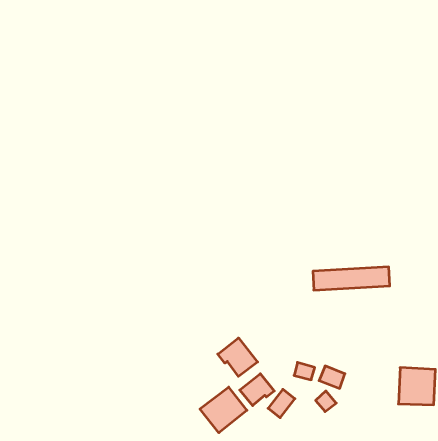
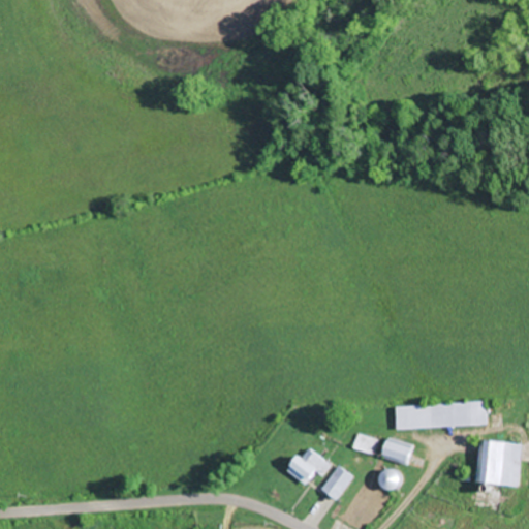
building: [313,267,390,290] -> [395,402,487,430]
building: [218,338,258,376] -> none
building: [200,387,247,433] -> none

